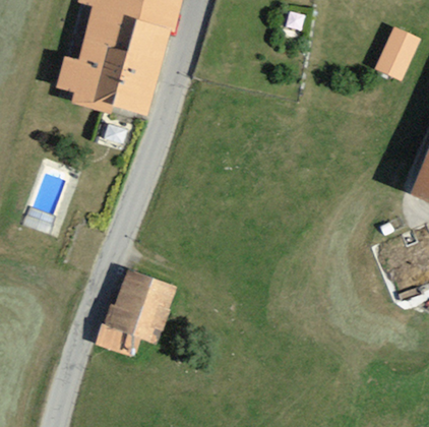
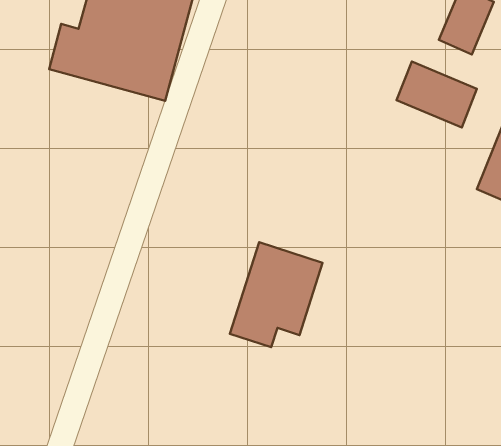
building: none -> [397,61,477,127]
building: [101,265,178,353] -> [230,242,323,347]

